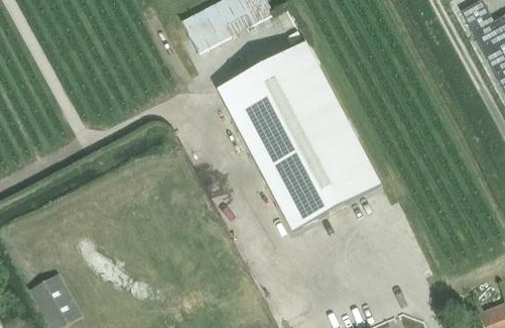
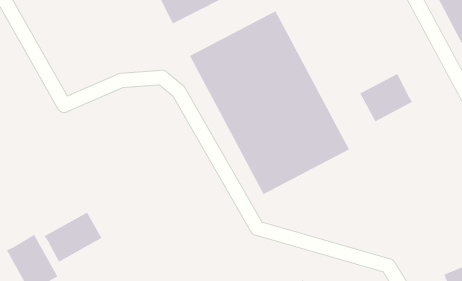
building: none -> [360,73,413,122]
building: none -> [44,212,102,263]

